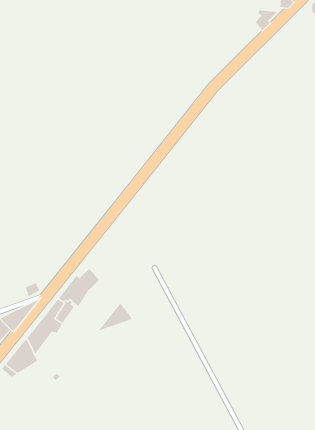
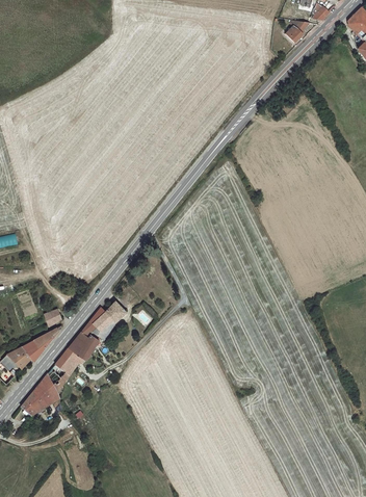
building: [97,302,133,332] -> none

